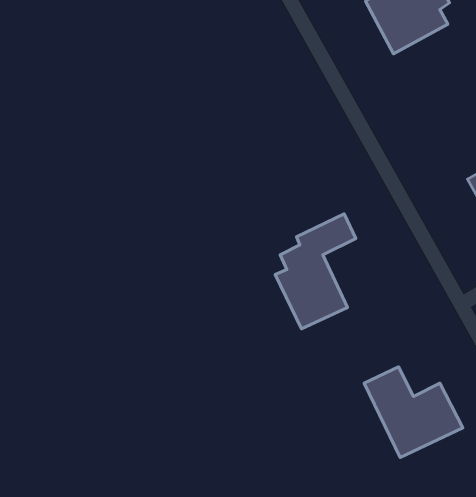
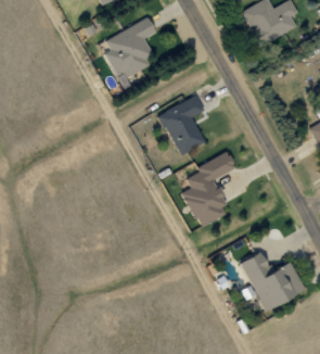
building: none -> [104,16,156,83]
building: none -> [158,94,205,154]

